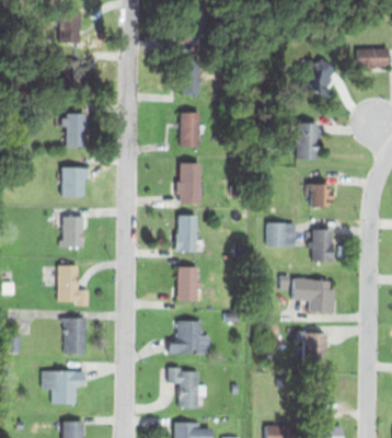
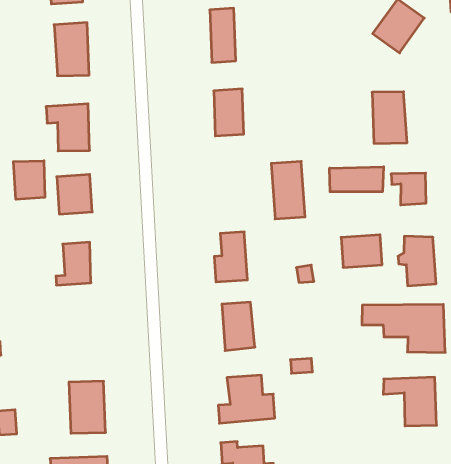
building: none -> [13,161,45,199]
building: [180,163,201,204] -> [271,161,305,219]
building: none -> [330,167,384,192]
building: [57,266,88,306] -> none

